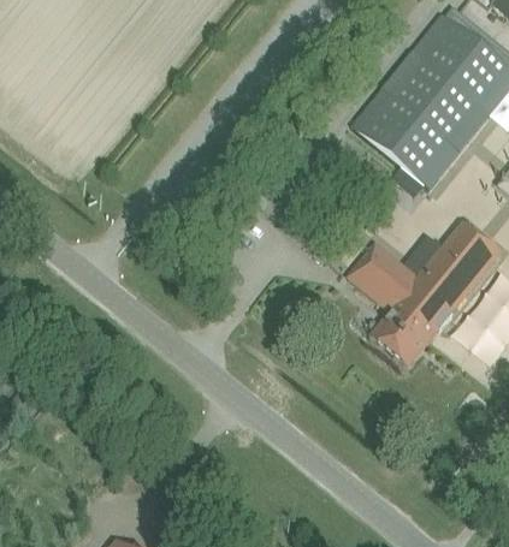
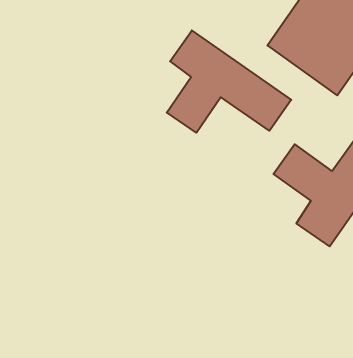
building: none -> [167,30,291,133]

